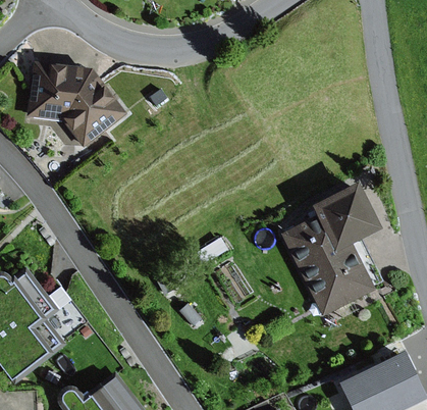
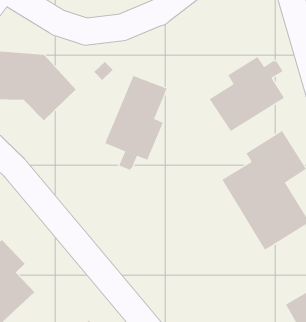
building: none -> [209,56,285,132]
building: none -> [105,75,167,171]

